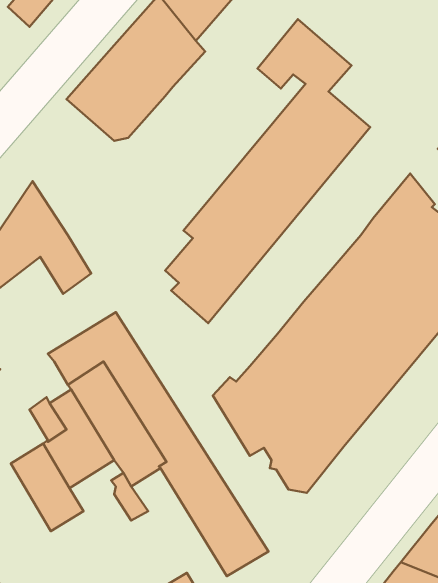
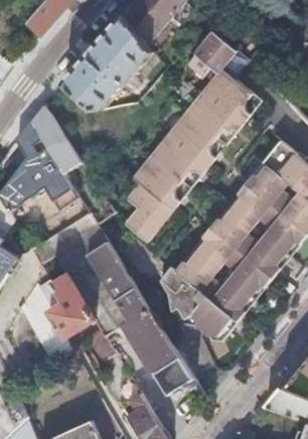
building: none -> [29,106,81,172]

